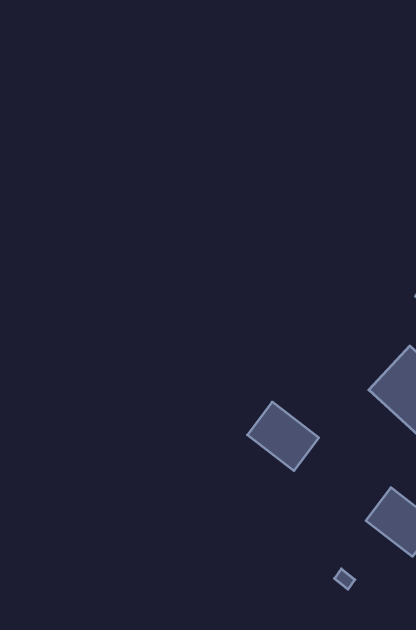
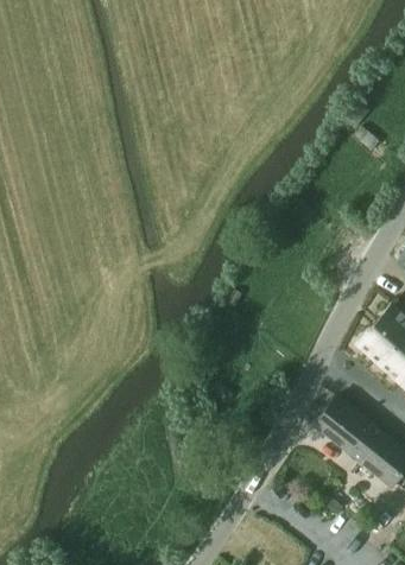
building: [247,402,319,471] -> [315,395,376,455]

